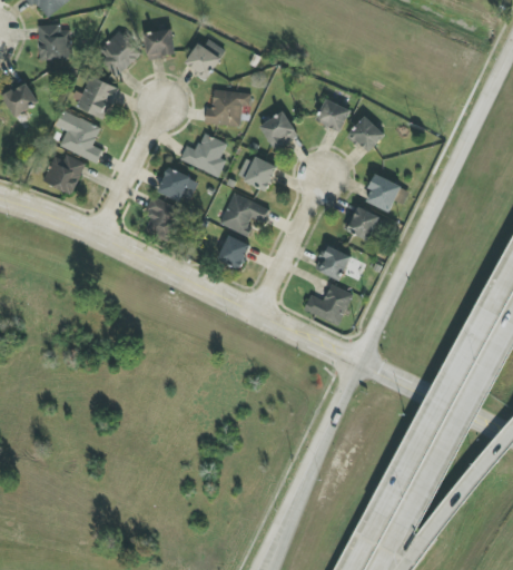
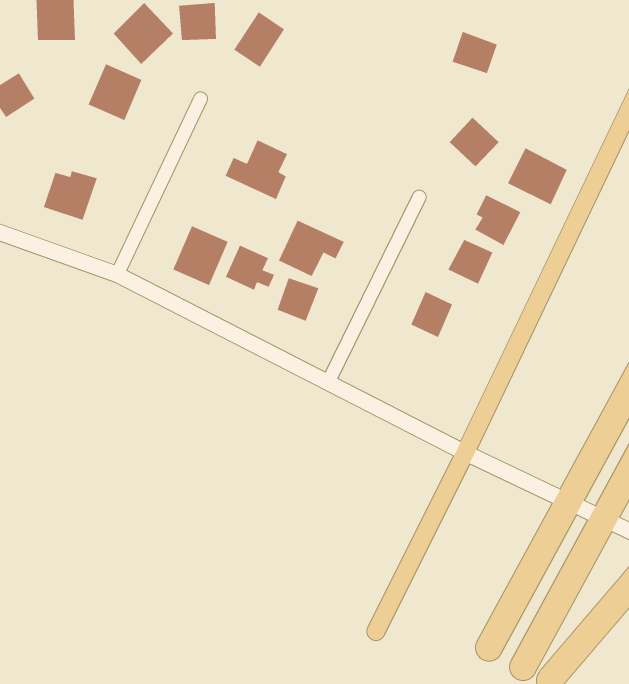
building: [205,88,250,126] -> none
building: [316,98,351,130] -> [452,31,498,74]
building: [260,110,297,147] -> none
building: [59,115,101,160] -> none
building: none -> [507,147,568,205]
building: [237,154,277,190] -> none
building: [157,166,195,200] -> [225,245,275,291]
building: [304,283,353,325] -> none

